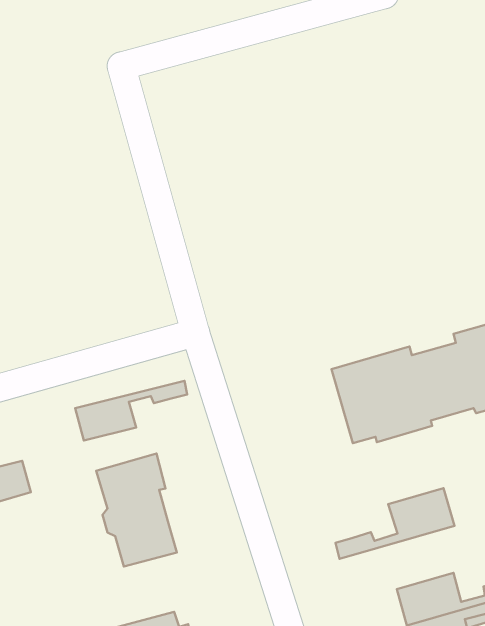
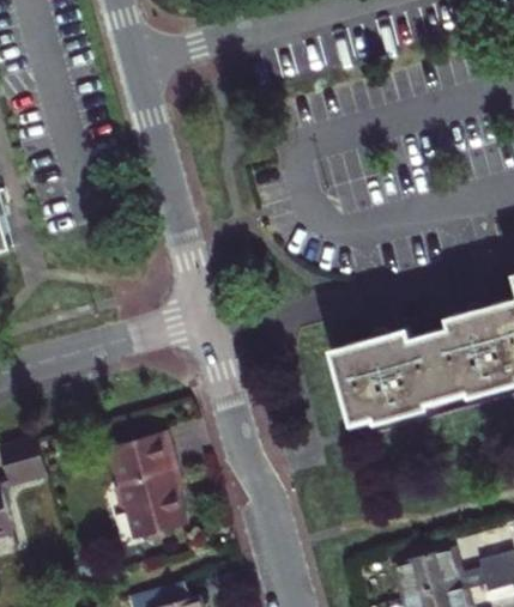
building: [75,381,187,440] -> none
building: [336,488,455,559] -> none

